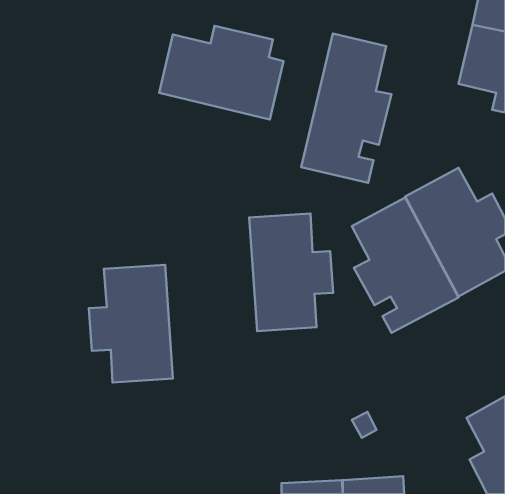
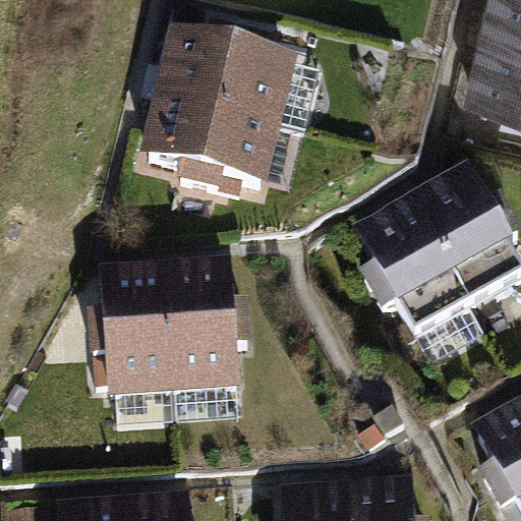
building: [301,33,391,183] -> none
building: none -> [150,97,278,197]
building: [249,214,333,331] -> [170,269,256,390]

